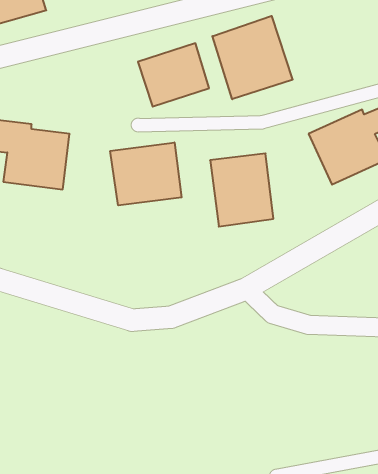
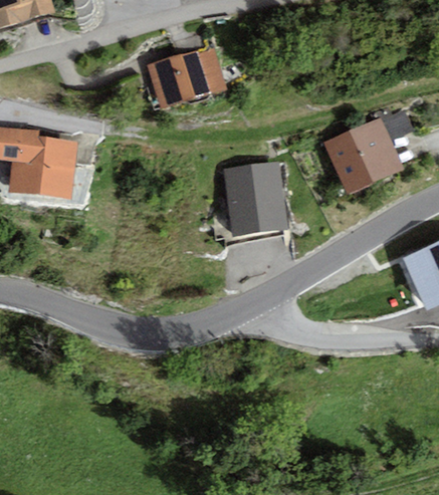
building: [212,16,293,99] -> none
building: [110,142,182,205] -> none

